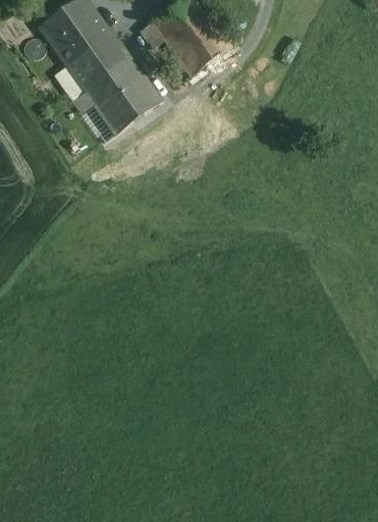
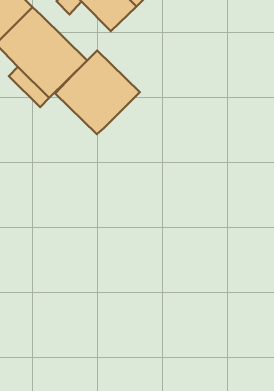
building: none -> [55,50,140,134]

